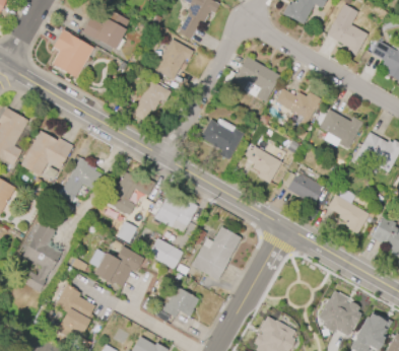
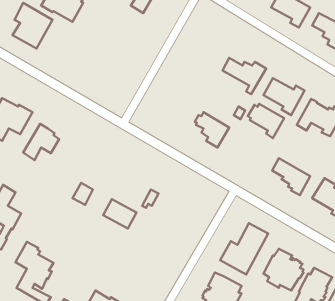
building: [154,40,193,81] -> none
building: [232,58,280,102] -> none
building: [133,80,171,121] -> none
building: [200,120,244,160] -> none
building: [108,171,156,215] -> none
building: [285,171,324,208] -> [248,104,284,138]
building: [154,198,199,228] -> none
building: [191,226,242,281] -> [220,223,268,275]
building: [89,247,145,287] -> none
building: [162,287,199,318] -> none

